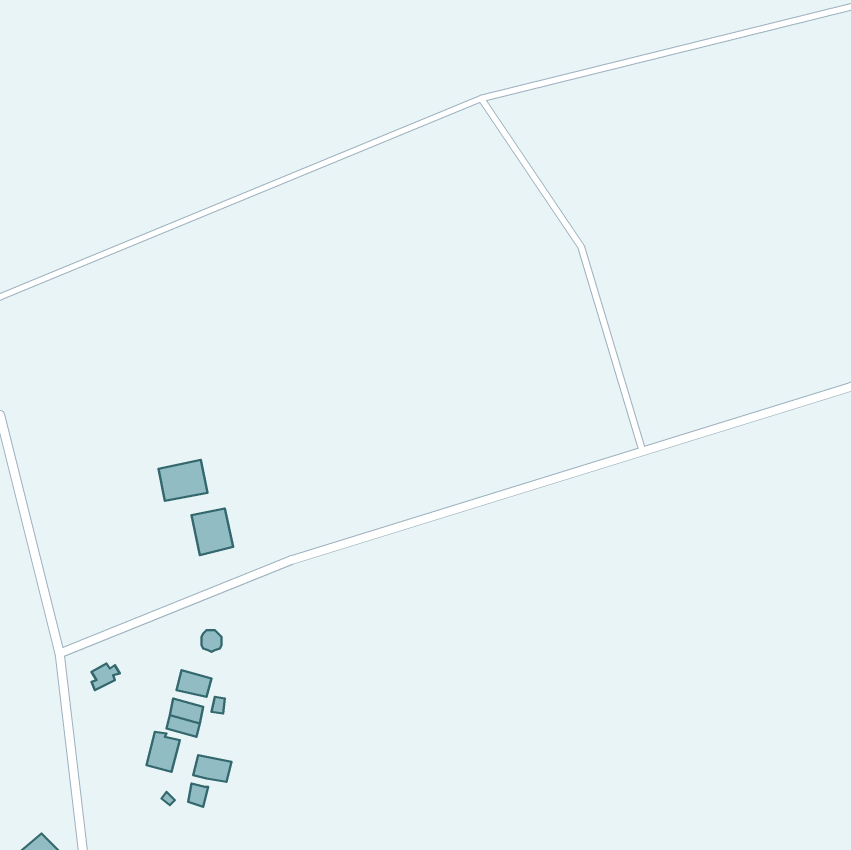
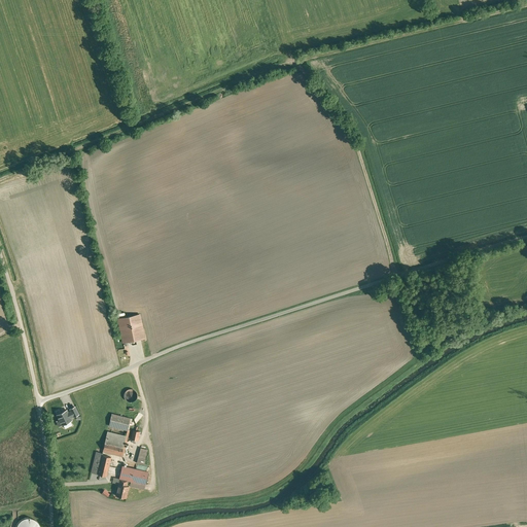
building: [159,460,208,501] -> none

